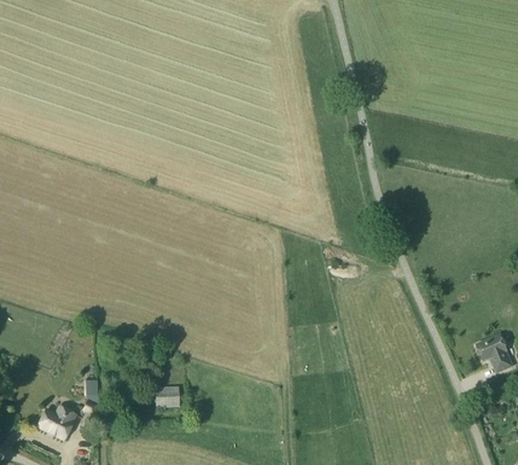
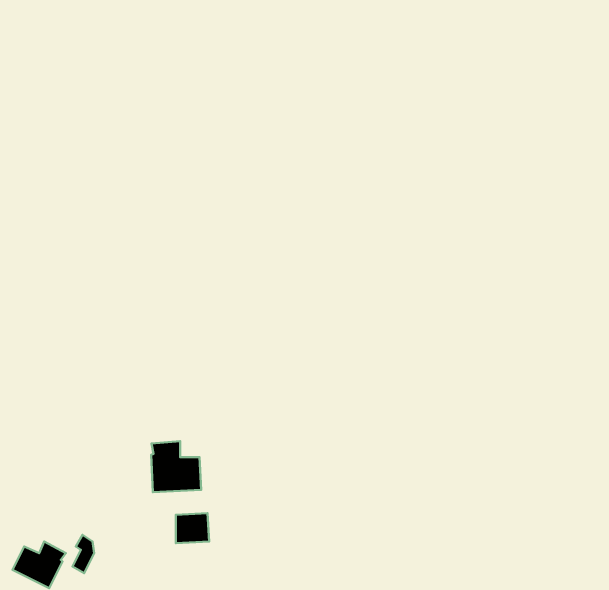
building: none -> [151,441,201,492]

